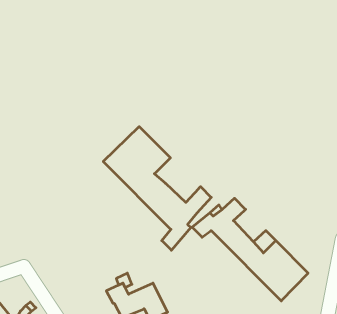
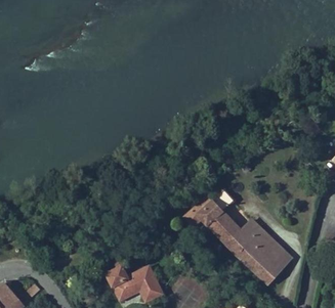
building: [103,127,211,250] -> none

